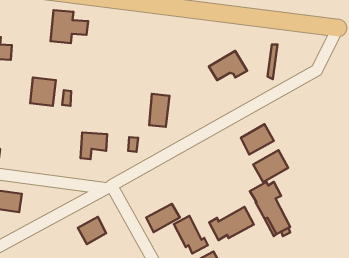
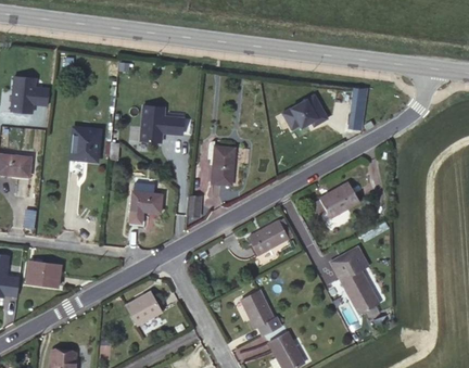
building: [51,10,88,43] -> [139,104,183,143]
building: [253,150,288,182] -> none
building: [146,204,180,232] -> [249,220,289,254]
building: [209,207,254,240] -> none

